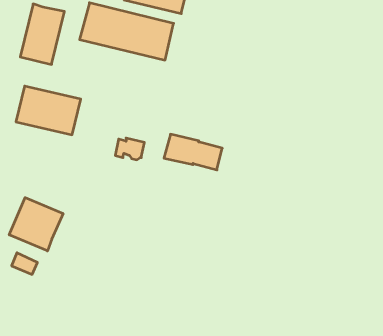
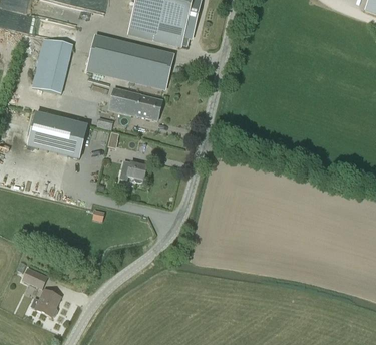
building: [164,134,222,170] -> [107,86,161,119]
building: [9,198,63,251] -> none
building: none -> [35,288,60,315]

